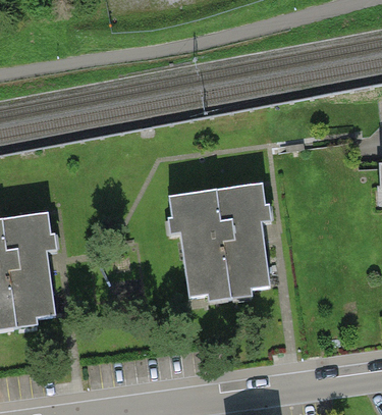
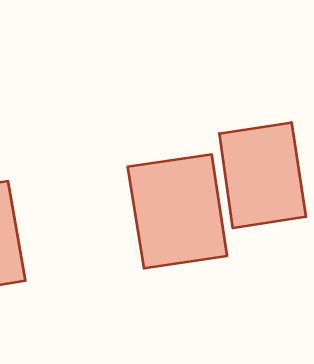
building: none -> [219,122,306,228]

